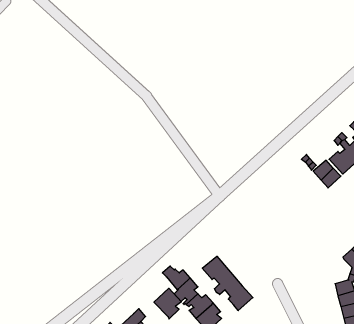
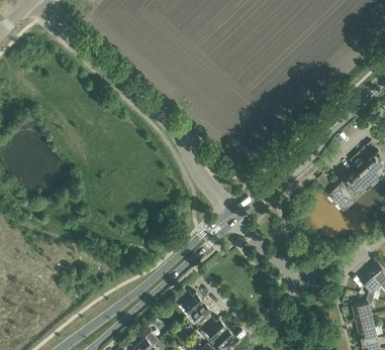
building: [202,256,253,311] -> none
building: [154,288,181,319] -> none

